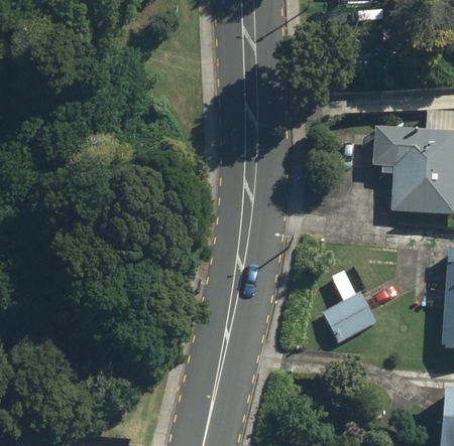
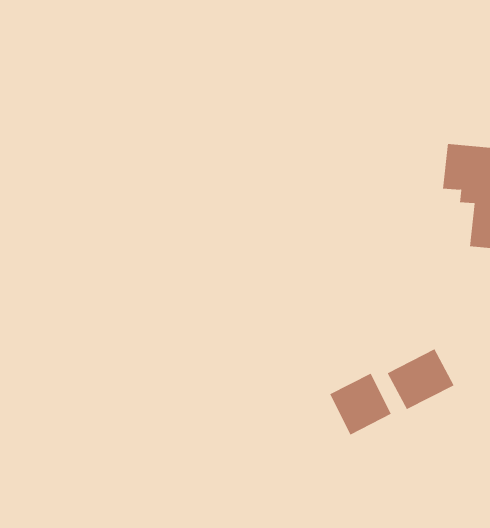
building: none -> [330,373,391,435]

